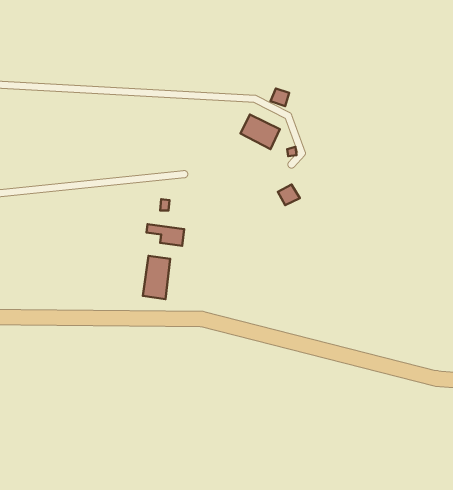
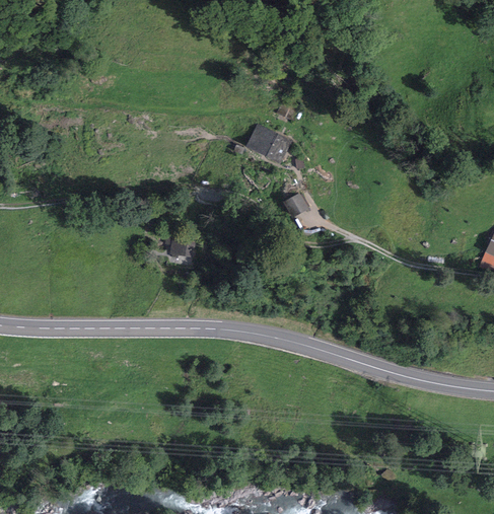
building: [143,256,170,299] -> none

